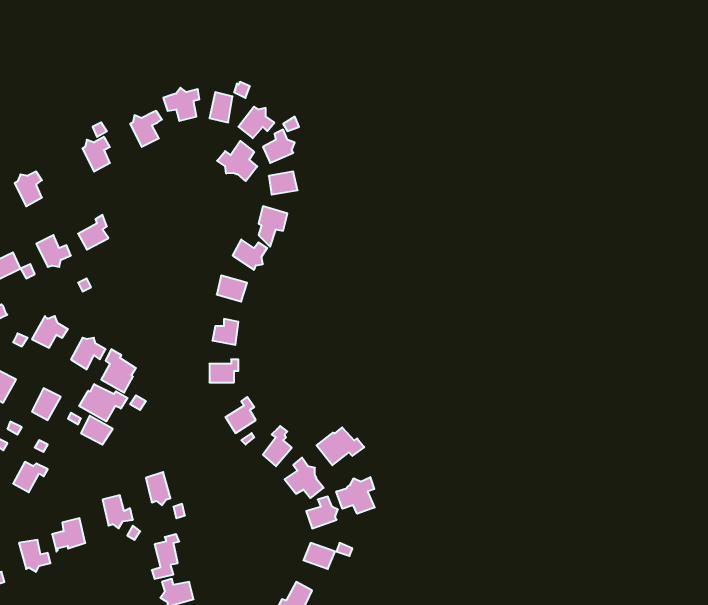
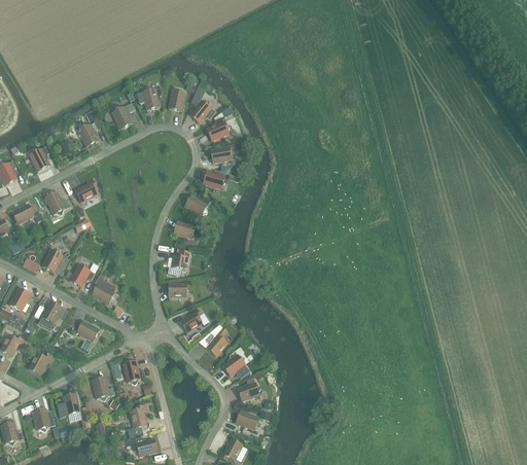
building: [217,141,257,181] -> none
building: [79,384,128,421] -> none
building: [317,427,364,465] -> none
building: [336,477,375,514] -> none

